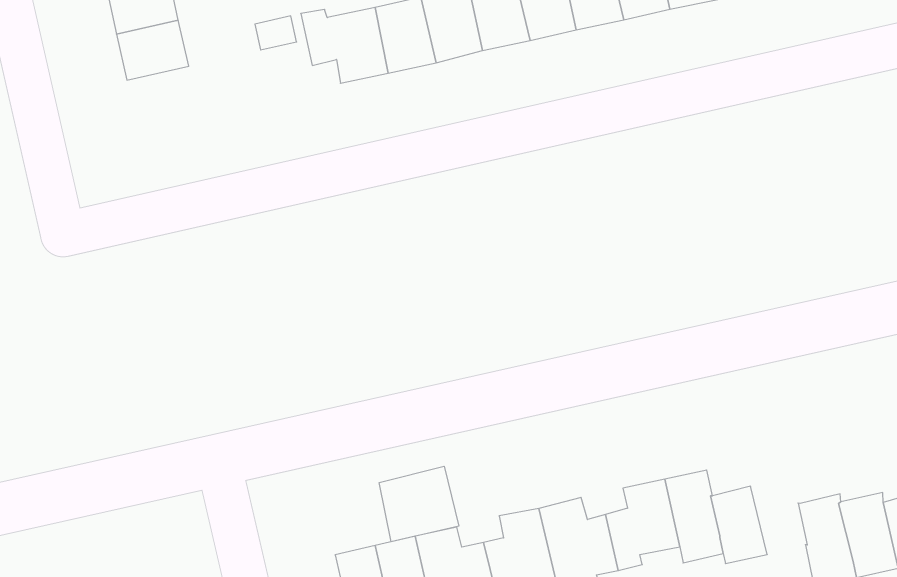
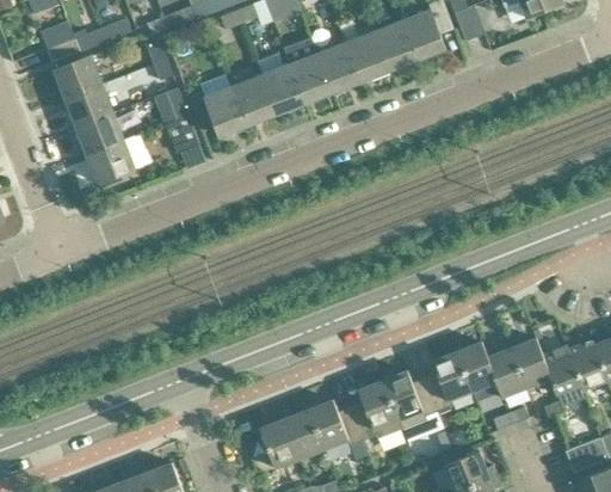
building: none -> [166,115,198,153]
building: none -> [86,140,134,186]
building: [379,466,459,542] -> none
building: none -> [510,338,550,388]

